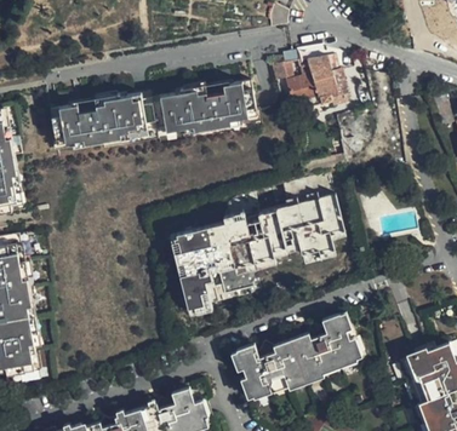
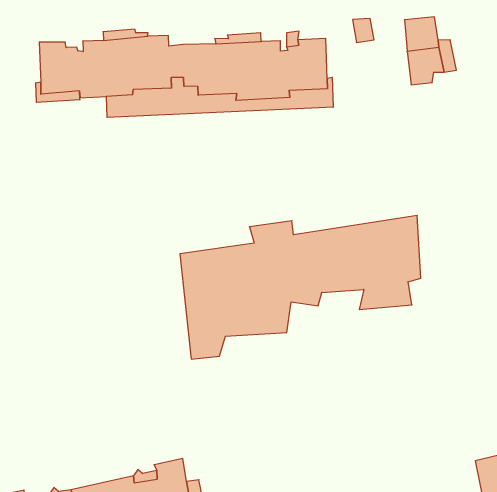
building: [286,74,316,105] -> none
building: [239,311,358,392] -> none

